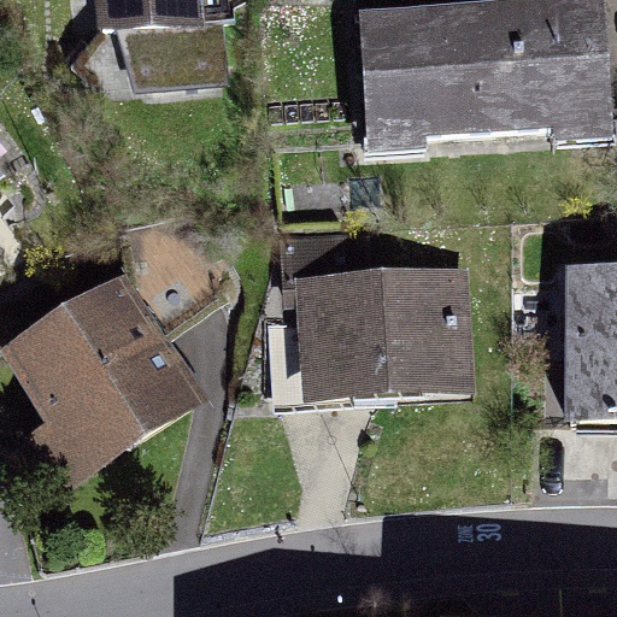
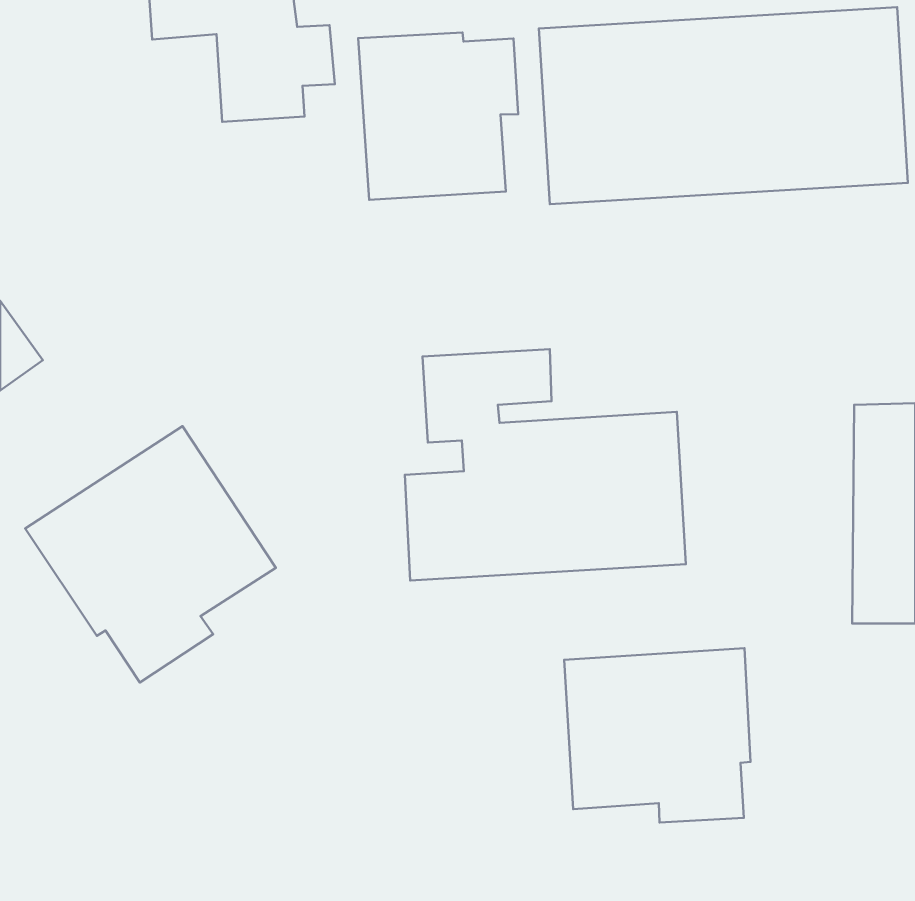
building: none -> [358,33,518,200]
building: none -> [564,648,750,823]

